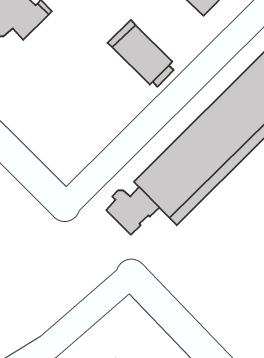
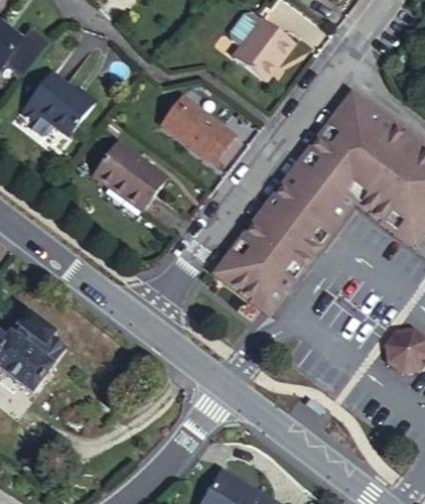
building: none -> [95,142,167,209]
building: [106,187,159,235] -> none

